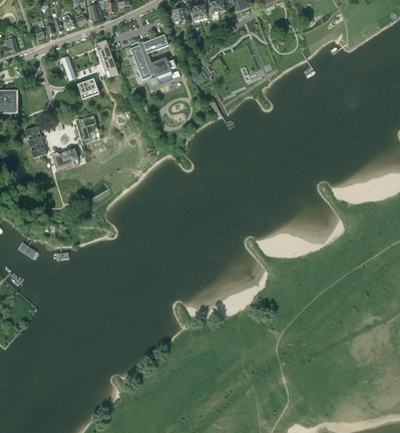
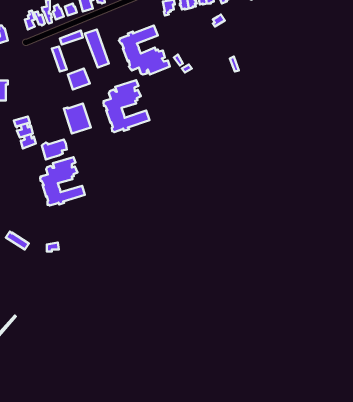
building: none -> [103,80,149,132]
building: none -> [40,157,85,206]

